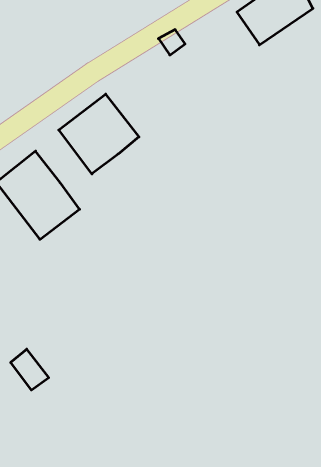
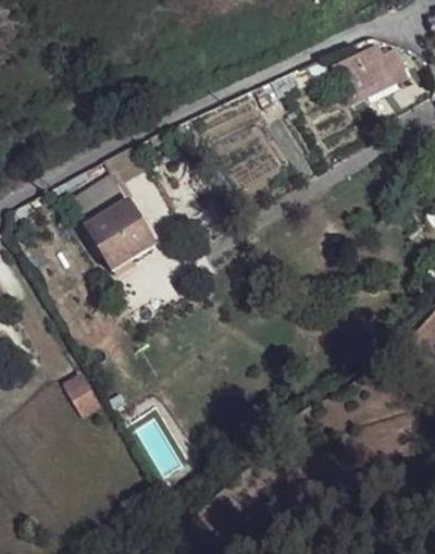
building: [59,94,139,174] -> none

